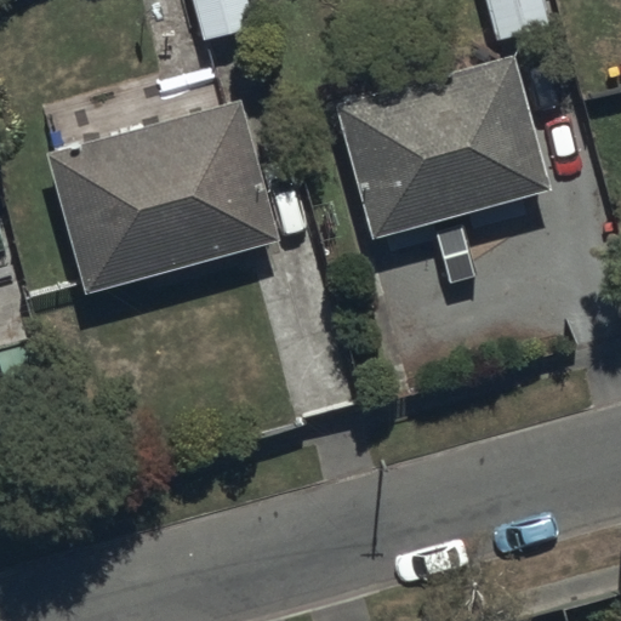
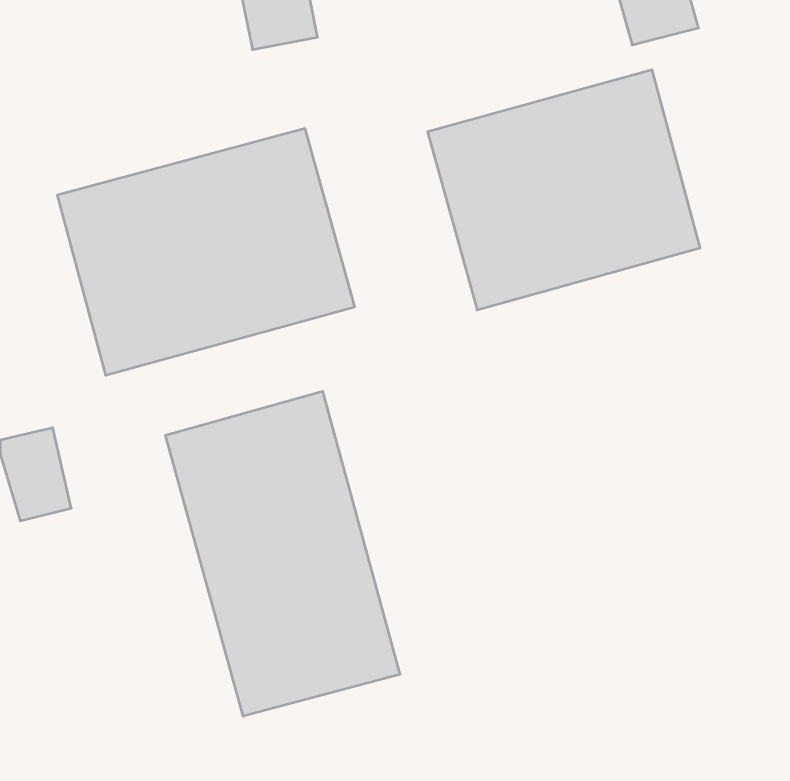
building: none -> [166,391,400,716]

